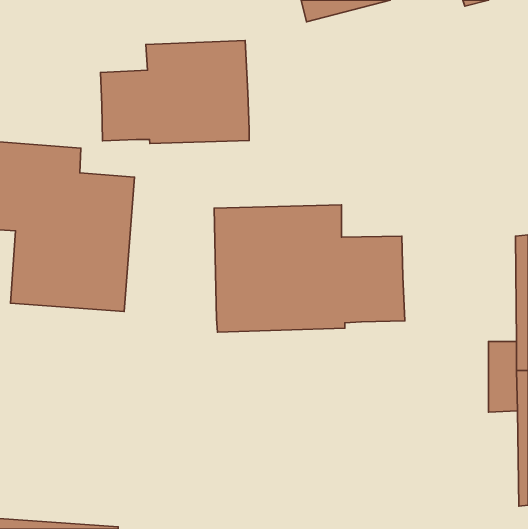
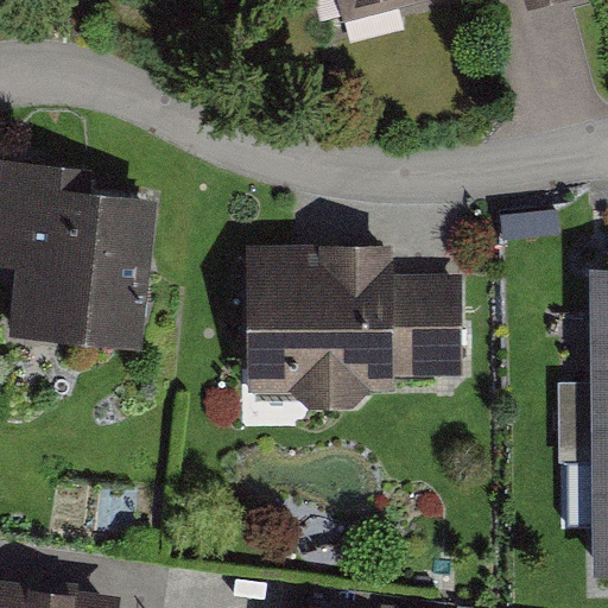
building: [101,40,249,144] -> none

